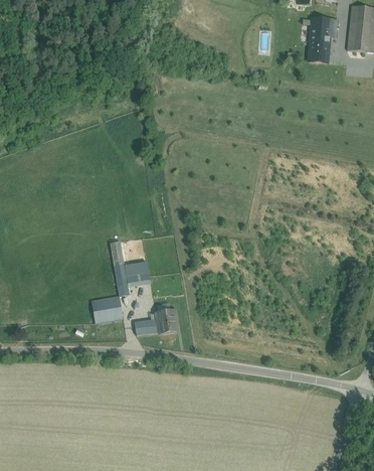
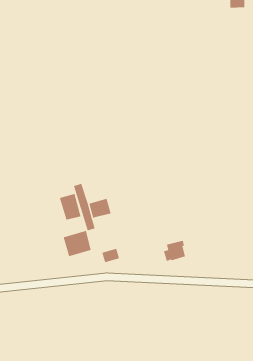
building: none -> [59,193,81,221]
building: [152,310,177,332] -> [163,240,186,261]

